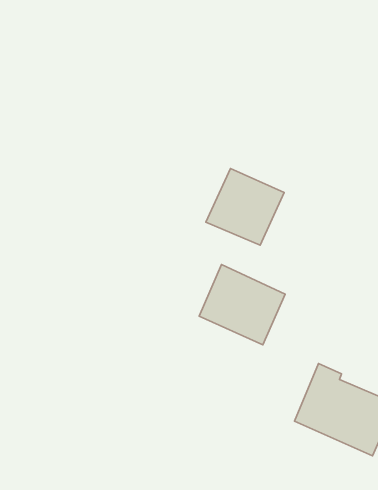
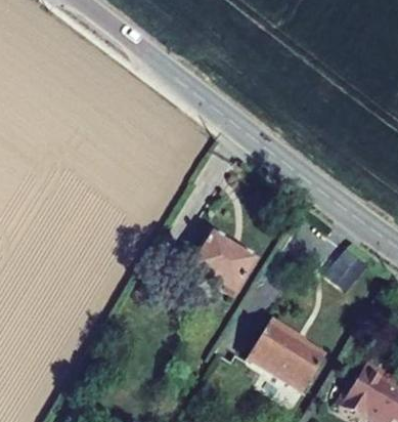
building: [206,169,284,245] -> none

